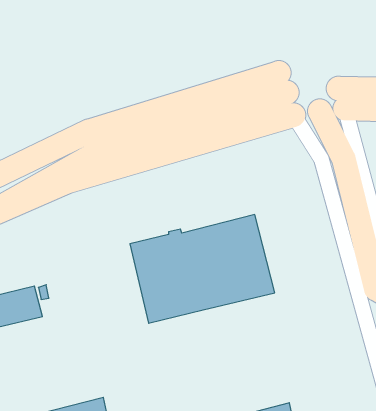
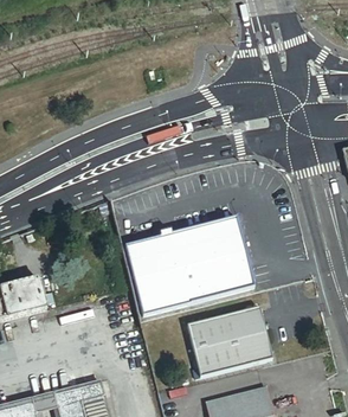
building: none -> [186,304,272,376]

